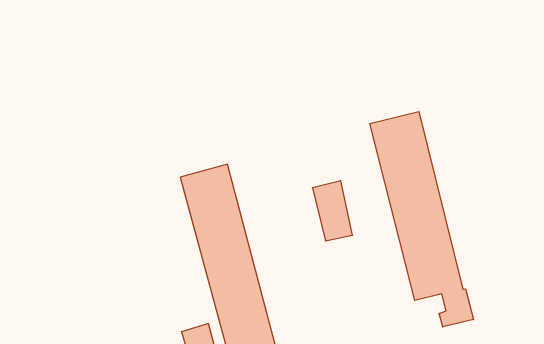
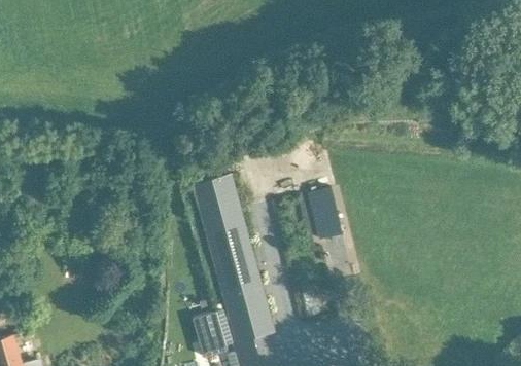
building: [370,112,473,327] -> none

